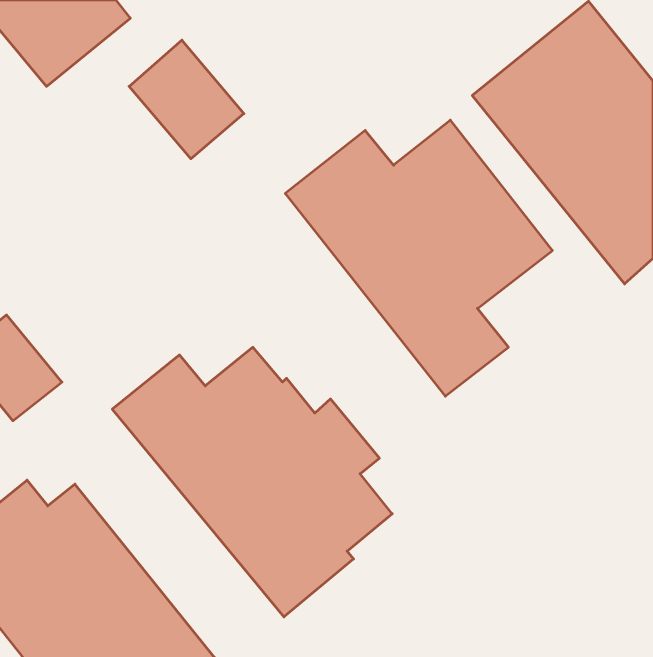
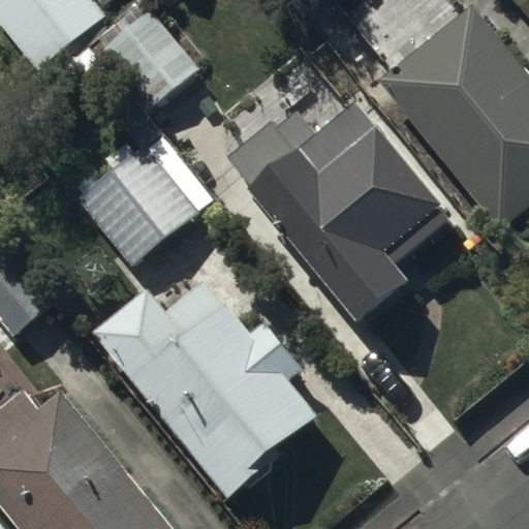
building: none -> [75,133,212,267]

